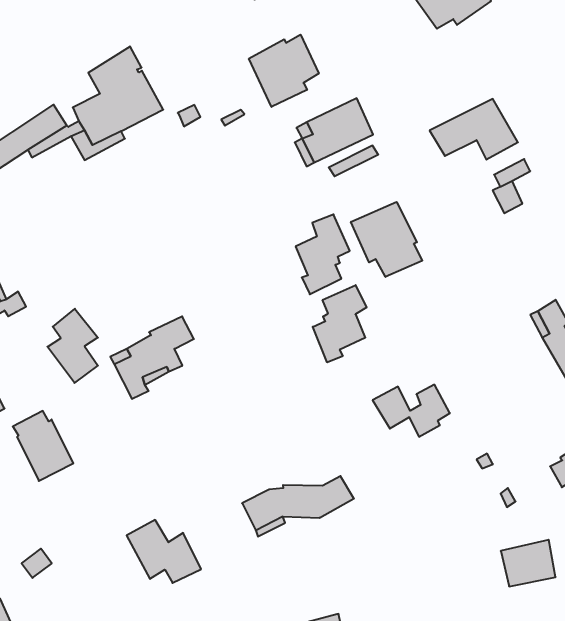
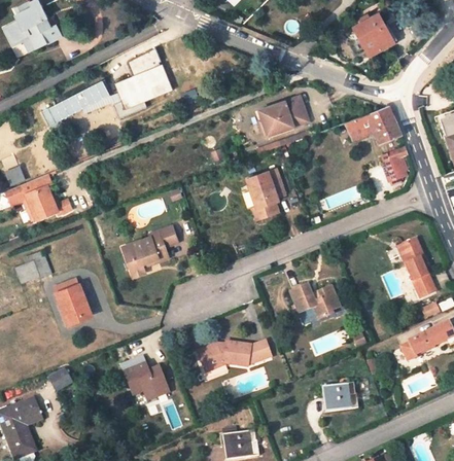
building: [249,35,319,107] -> none
building: [351,202,422,277] -> none
building: [313,285,367,362] -> none
building: [47,309,98,383] -> none
building: [501,540,556,586] -> [322,383,356,411]

